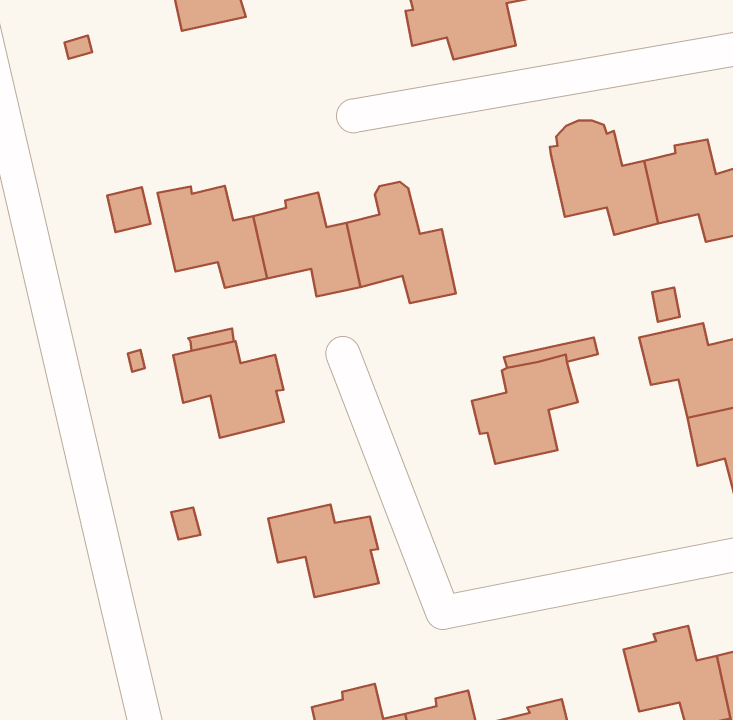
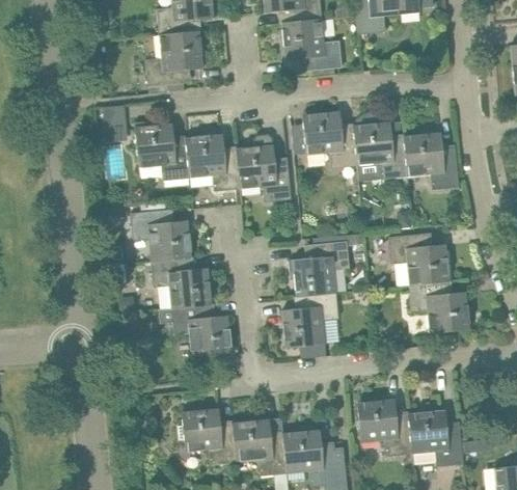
building: none -> [146,31,203,85]
building: none -> [303,110,357,167]
building: none -> [152,256,211,308]
building: none -> [282,292,339,346]

